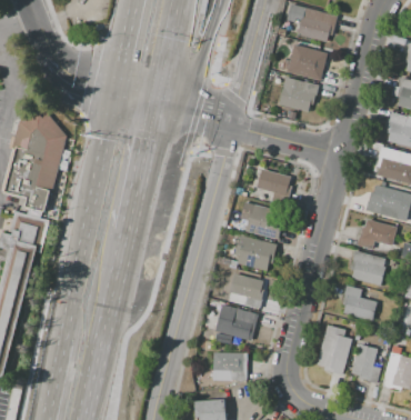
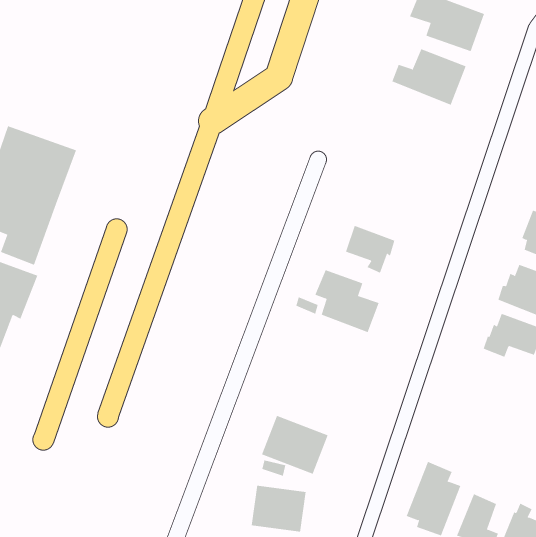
building: [278,77,317,113] -> none
building: [235,234,277,271] -> none
building: [351,250,388,286] -> none
building: [230,273,264,310] -> none
building: [342,284,377,321] -> none

